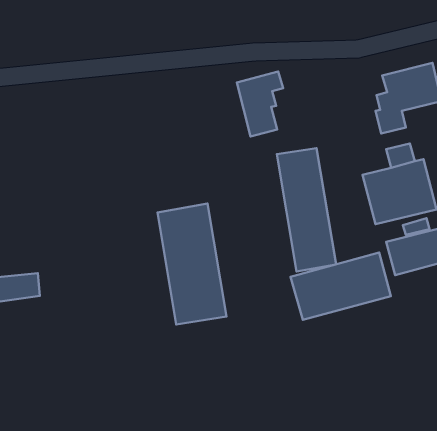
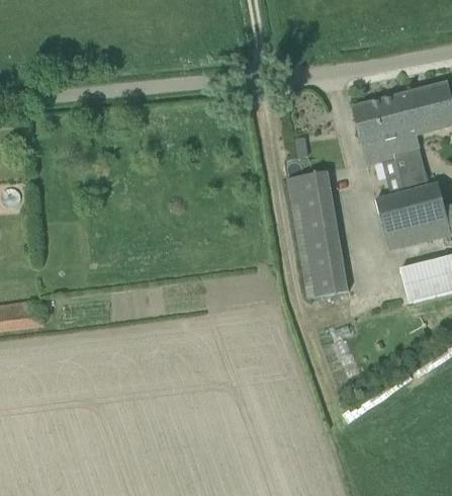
building: [237,72,283,136] -> [353,96,400,163]
building: [158,203,226,325] -> none
building: [291,253,391,320] -> none

